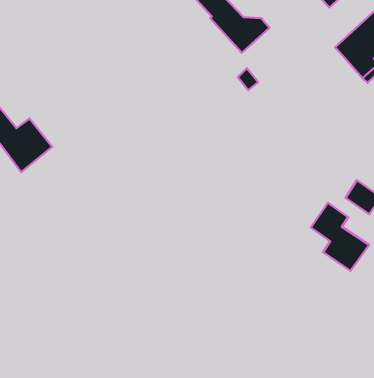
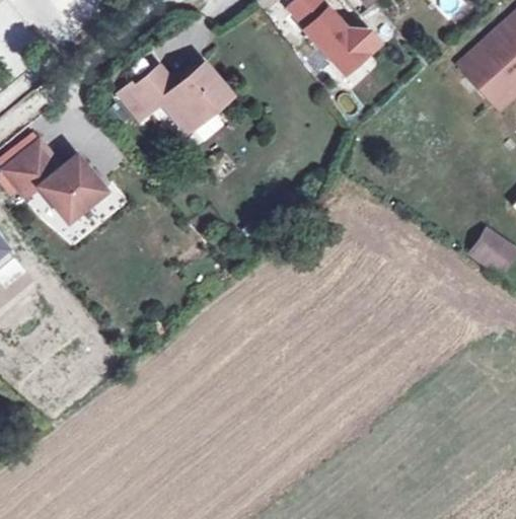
building: none -> [120,64,230,132]
building: [311,203,369,271] -> none

